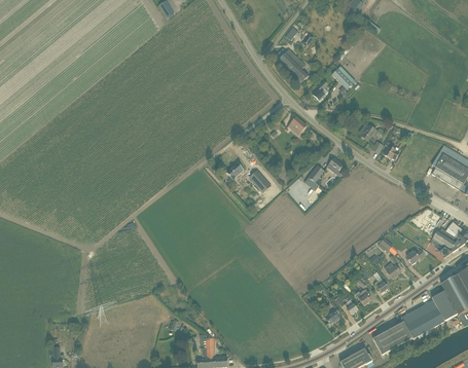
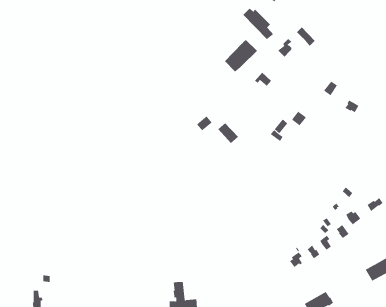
building: none -> [224,39,258,73]
building: [373,321,412,355] -> none

